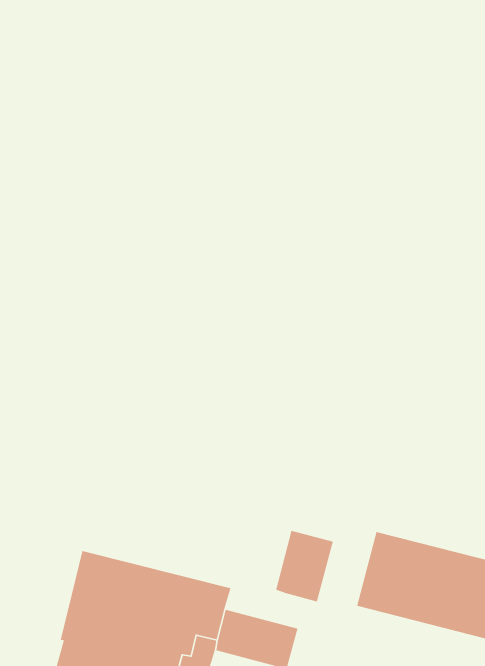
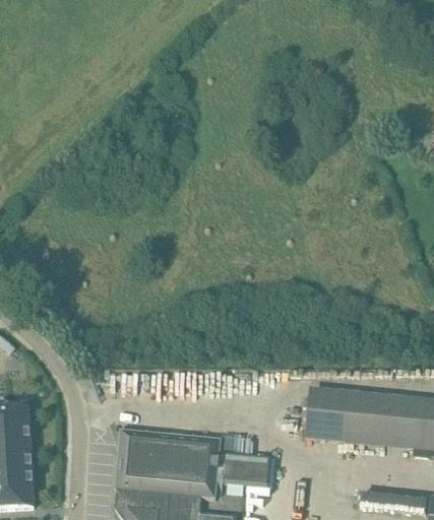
building: [275,530,334,603] -> none

